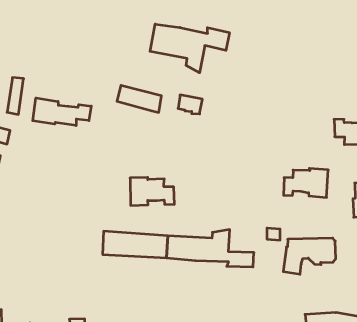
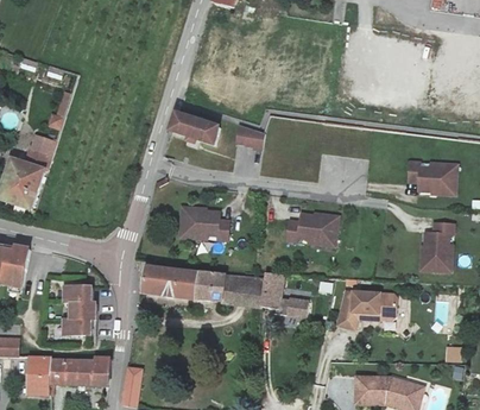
building: [150,24,229,73] -> none
building: [33,98,91,126] -> none
building: [284,168,328,197] -> [285,216,336,250]
building: none -> [71,285,103,334]

